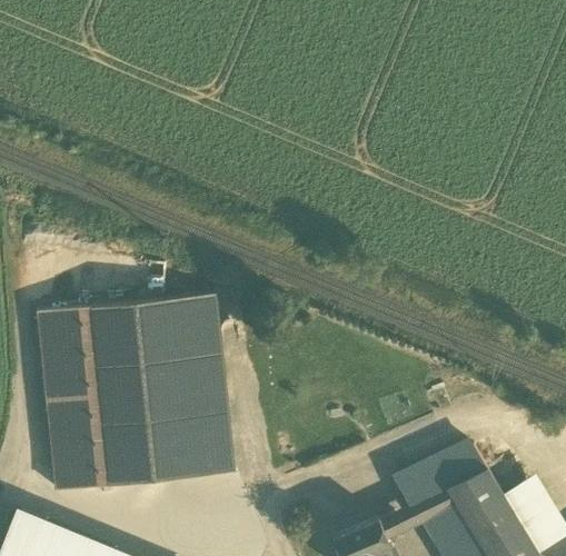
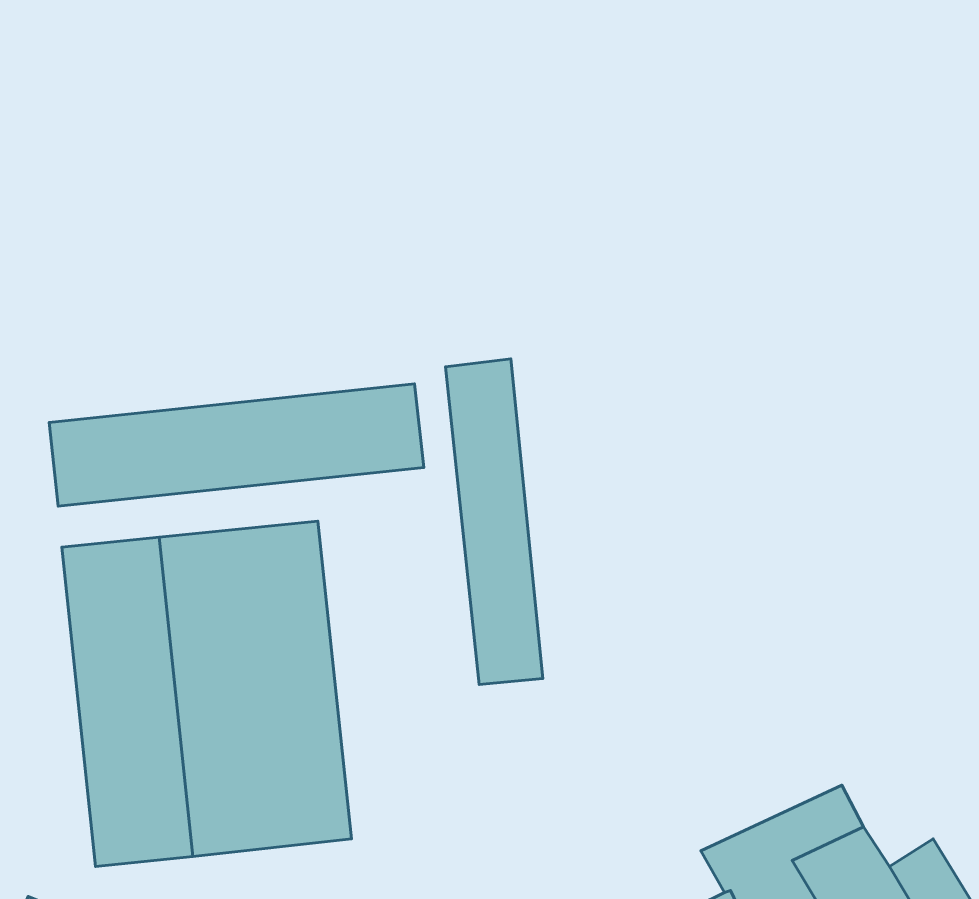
building: none -> [49,384,424,506]
building: [180,294,235,476] -> [445,359,543,684]

